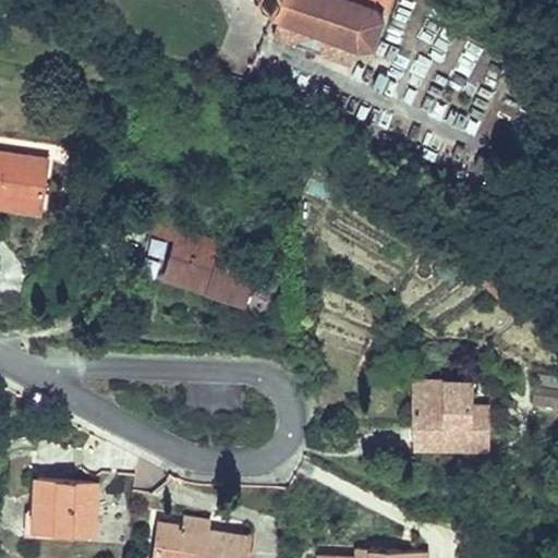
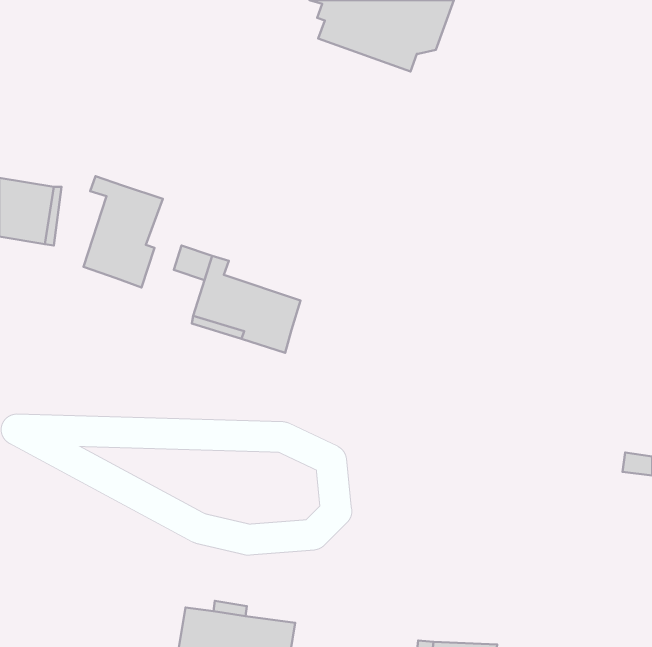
building: none -> [84,176,163,287]
building: [412,376,486,450] -> none
building: [32,477,100,531] -> none

